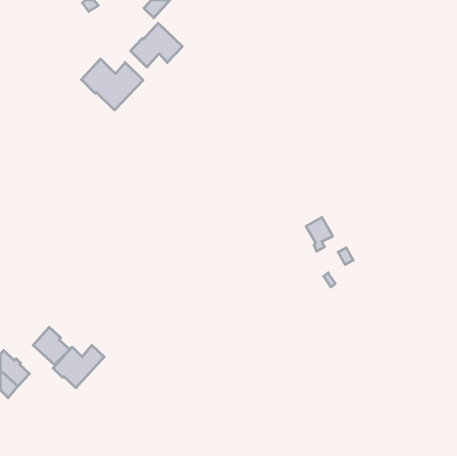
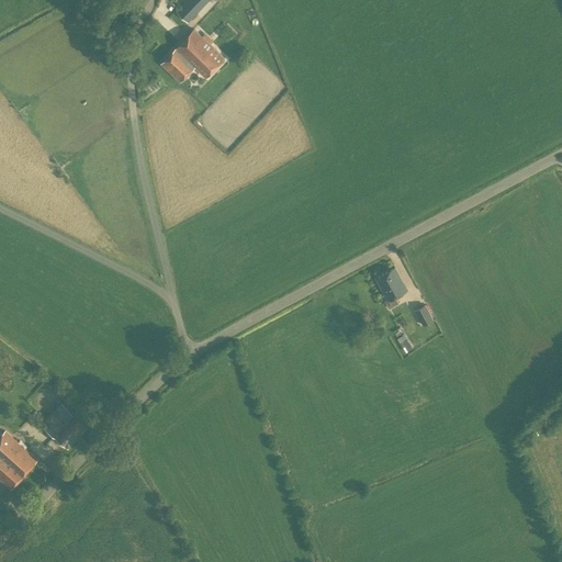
building: [81,59,143,110] -> none
building: [53,345,104,388] -> none

